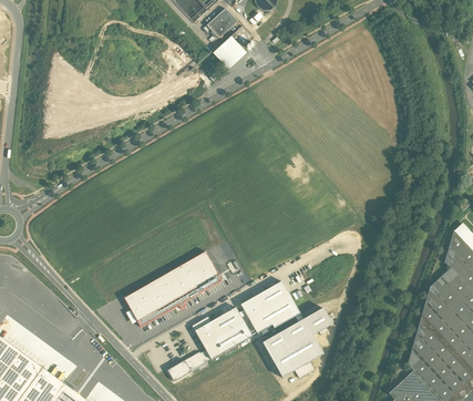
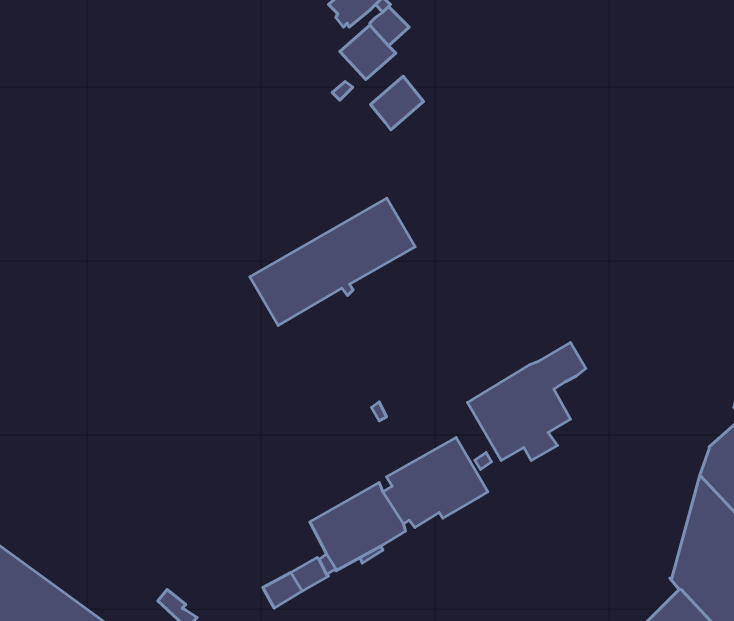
building: none -> [370,76,423,130]
building: [123,251,220,327] -> [250,198,415,325]
building: [260,308,330,378] -> [467,342,586,461]

